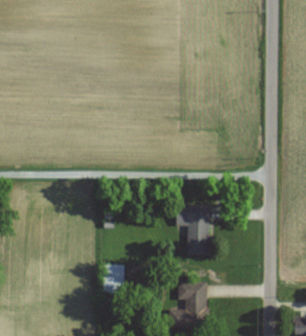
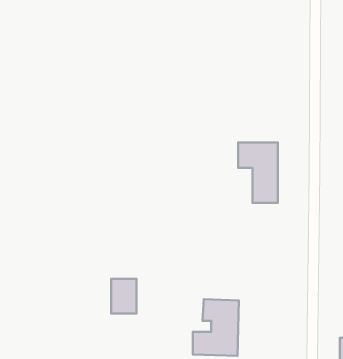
building: [176,204,209,255] -> [238,142,278,203]

